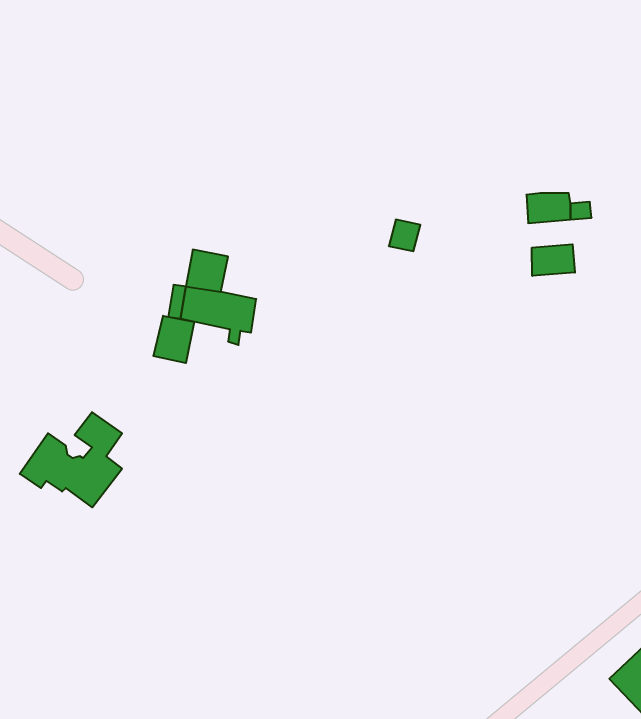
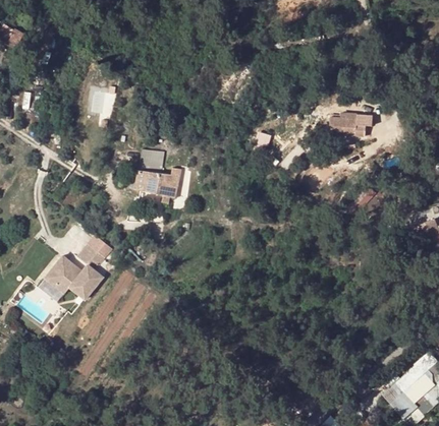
building: [532,244,575,276] -> none
building: [153,316,194,363] -> none

